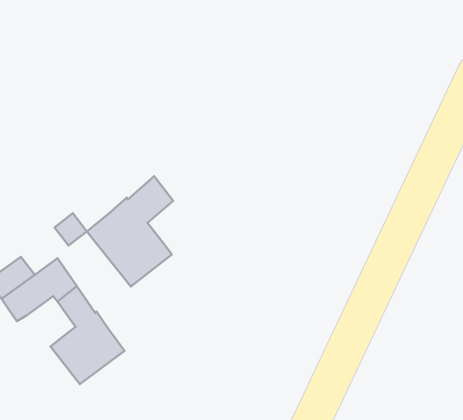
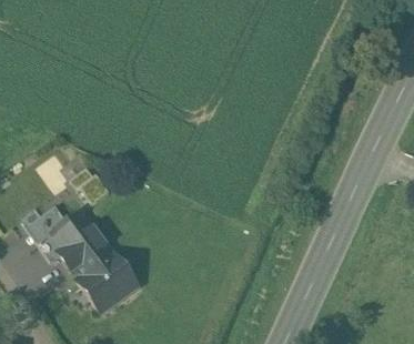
building: [87,176,173,286] -> none
building: none -> [60,241,99,276]

